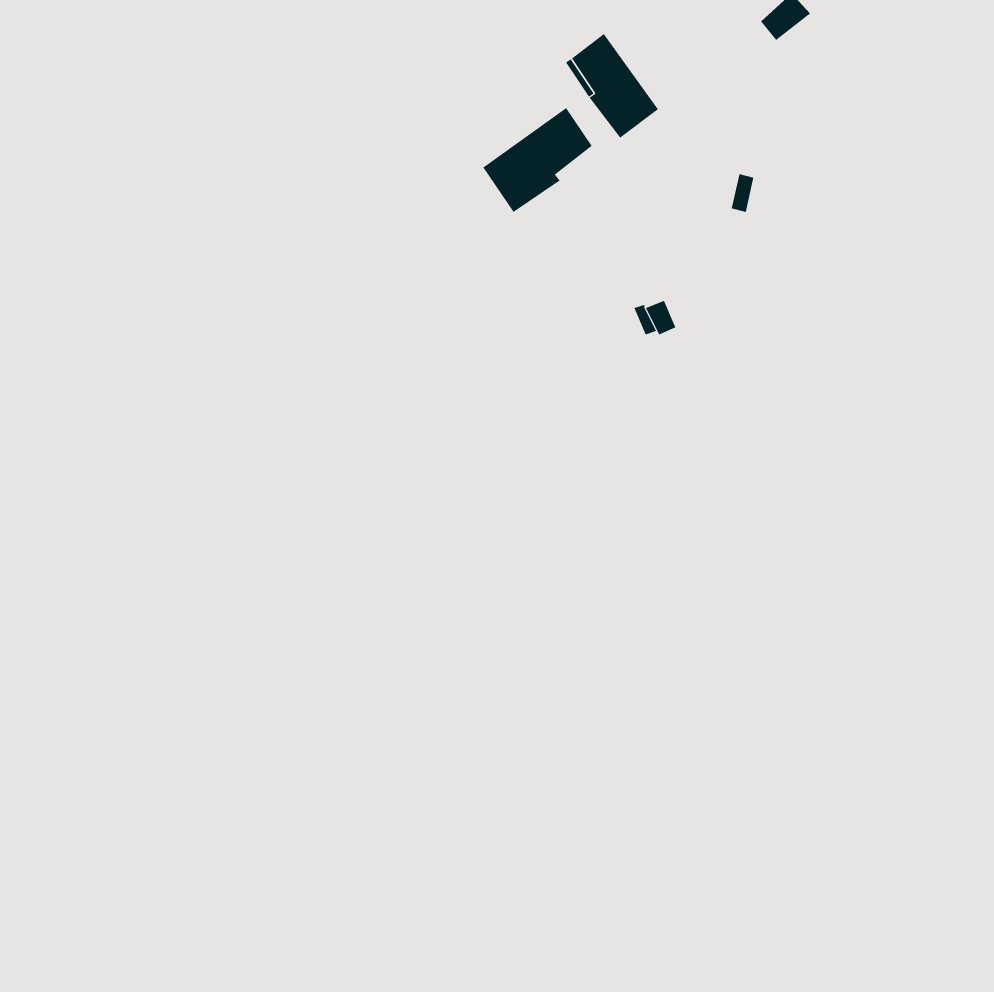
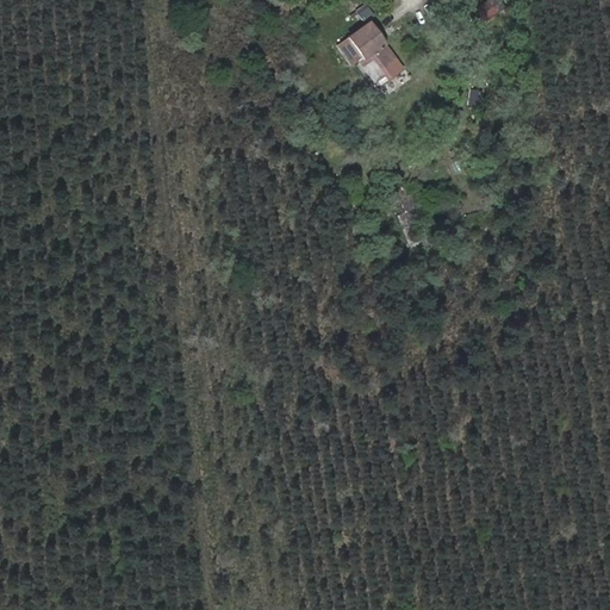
building: [482,107,593,213] -> none

